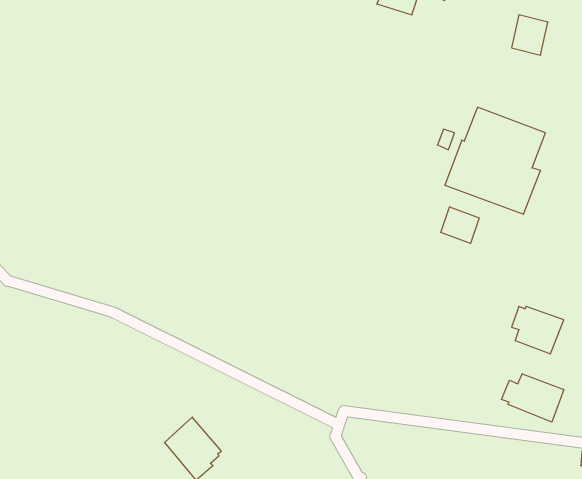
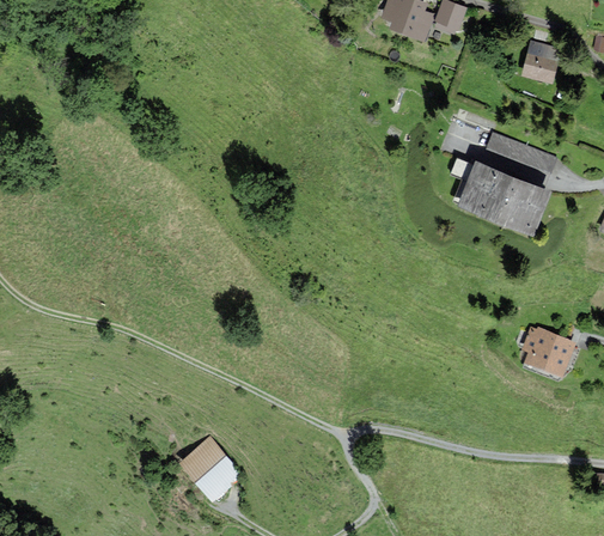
building: [441,207,479,244] -> none
building: [502,374,564,422] -> none

